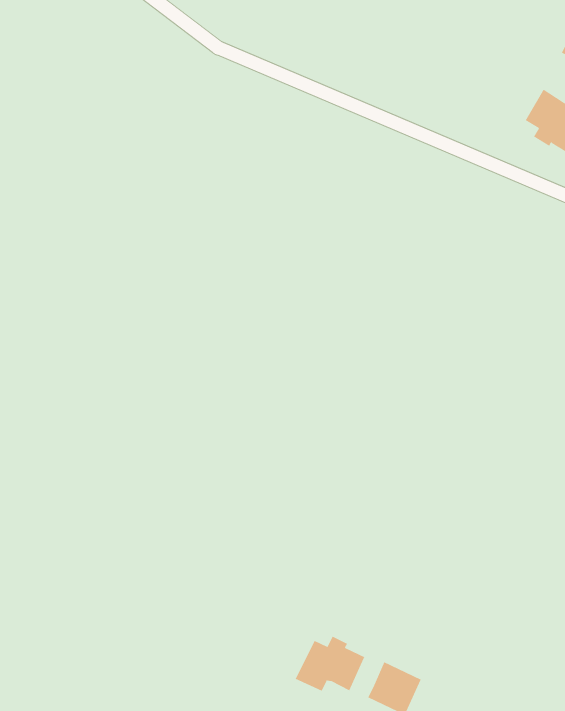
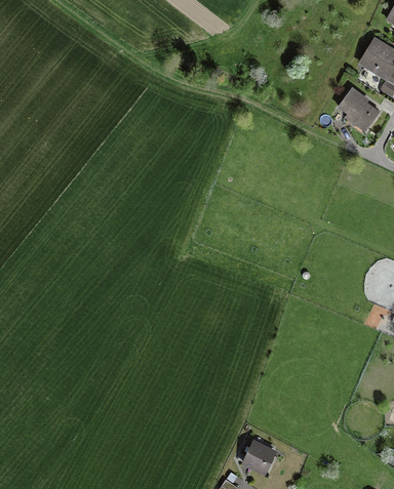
building: [295,636,366,692] -> none

